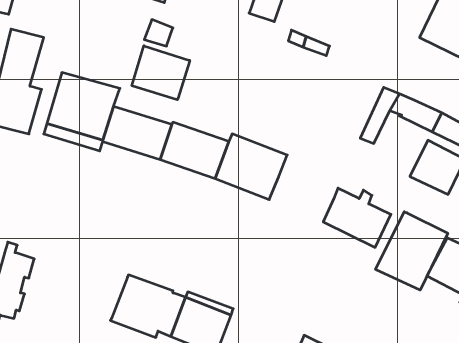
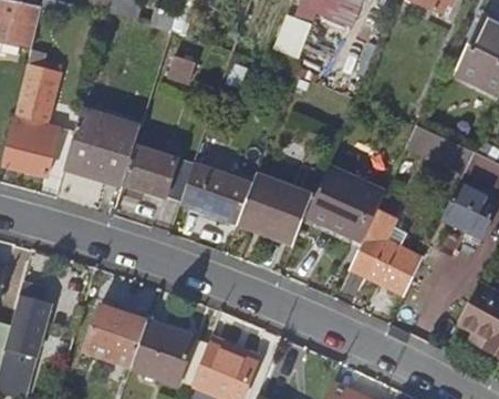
building: [132,46,190,100] -> none
building: none -> [306,167,386,242]
building: [376,212,448,290] -> none
building: none -> [86,306,148,367]

